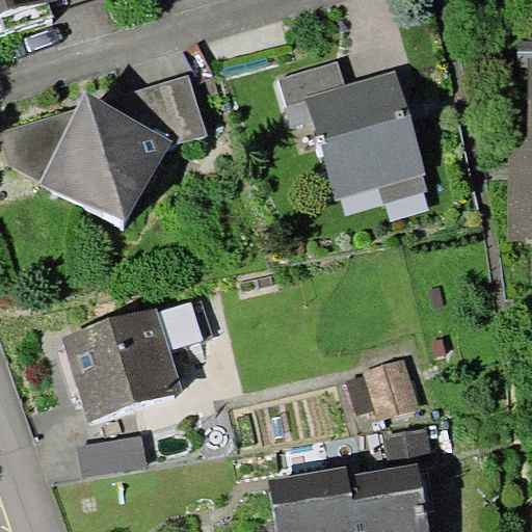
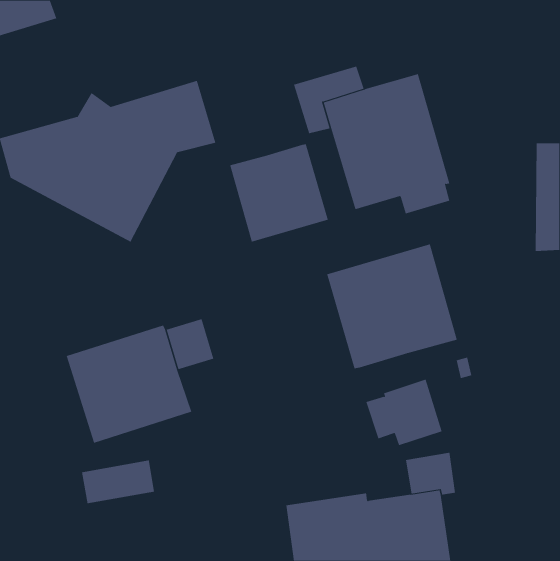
building: none -> [230,144,329,243]
building: none -> [327,244,457,369]

